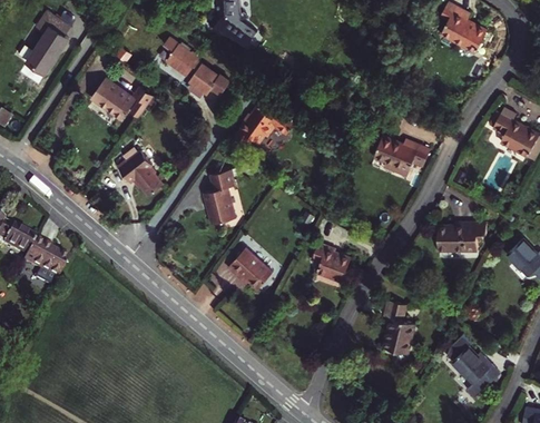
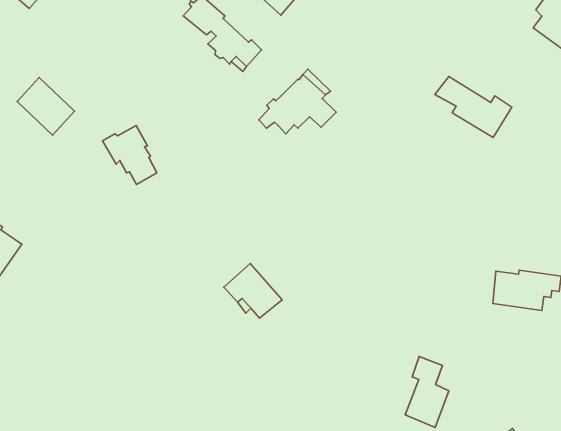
building: [90,79,136,122] -> [17,77,75,135]
building: [359,129,420,171] -> [435,77,512,137]
building: [205,169,238,226] -> none
building: [312,243,351,282] -> none

